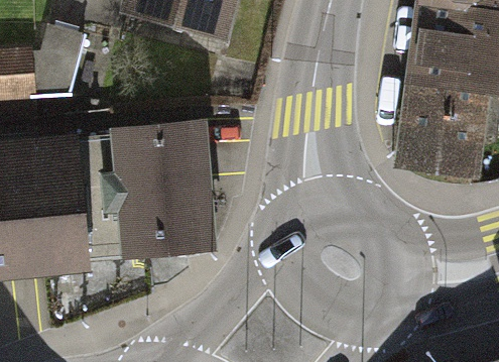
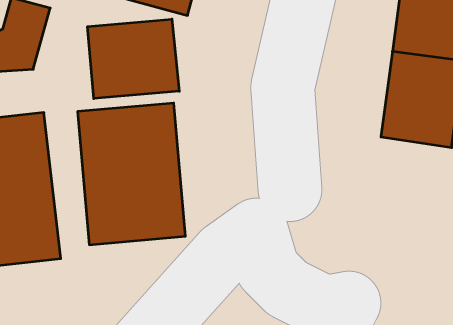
building: none -> [88,19,179,99]

